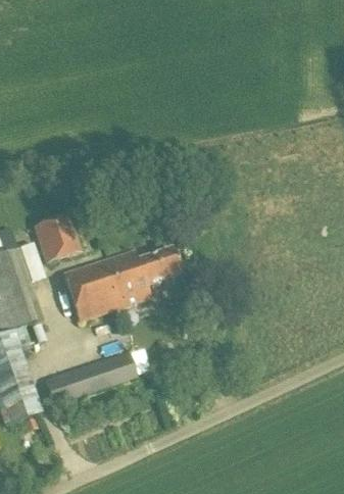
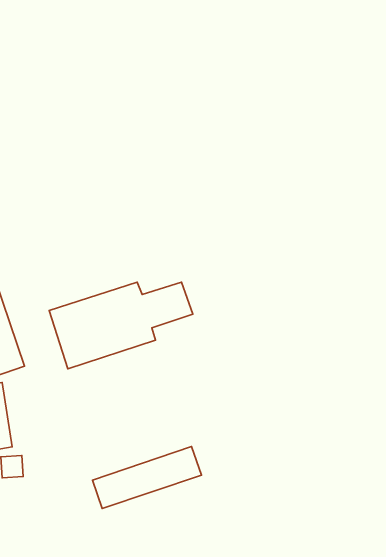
building: [30,215,79,264] -> none
building: [43,353,133,404] -> [92,447,201,509]

